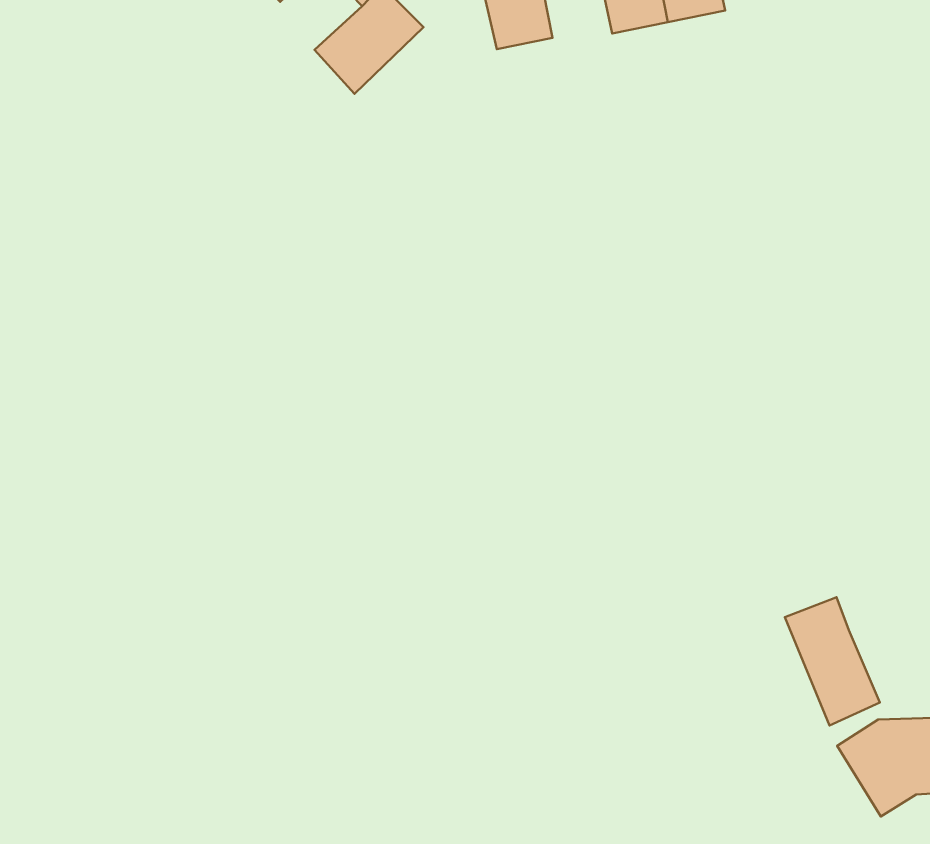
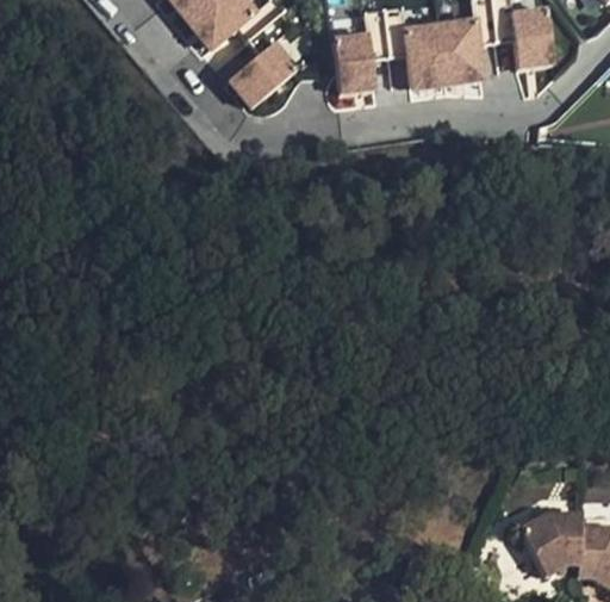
building: [785,597,880,726] -> none

